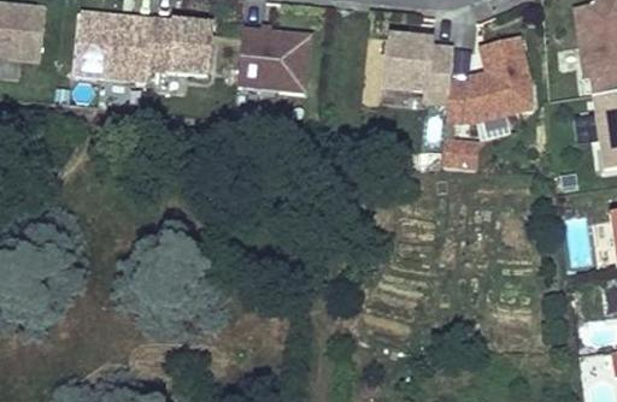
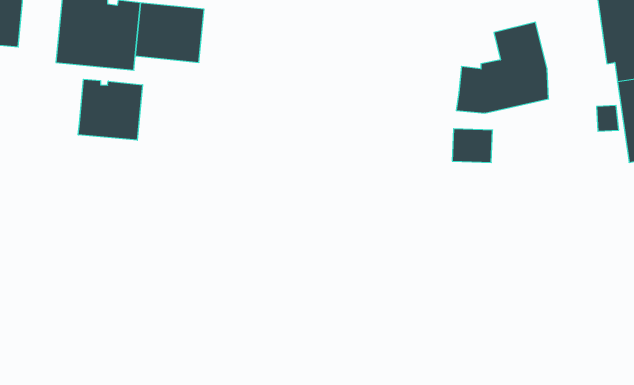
building: [236,26,310,89] -> none
building: [381,34,452,107] -> none
building: none -> [78,79,143,140]

